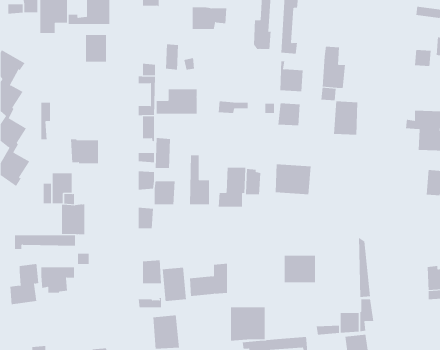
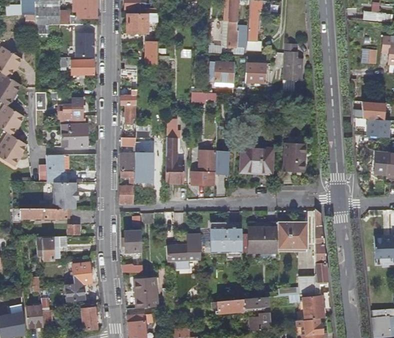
building: [192,7,227,30] -> [127,12,158,32]
building: none -> [71,59,94,77]
building: [156,89,197,115] -> none
building: [333,101,358,135] -> [283,142,305,172]
building: [278,103,300,126] -> [214,61,234,81]
building: none -> [58,98,96,124]
building: none -> [277,222,307,248]
building: [10,264,39,305] -> [65,262,91,298]
building: [162,267,187,302] -> none
building: [230,307,266,341] -> [210,222,241,252]

